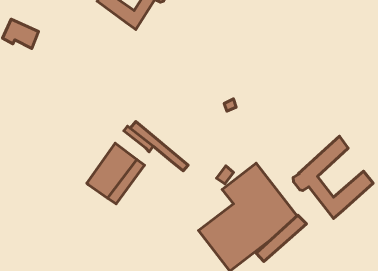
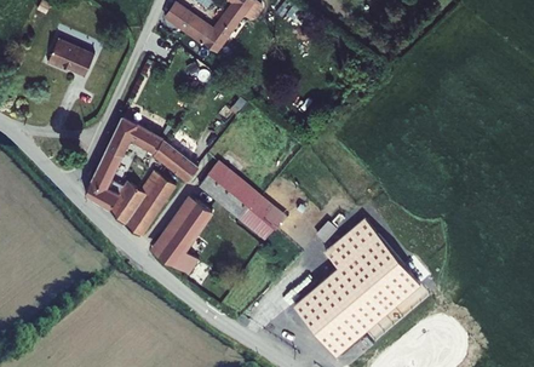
building: none -> [84,114,195,233]
building: [293,136,373,219] -> none
building: none -> [231,199,275,246]

